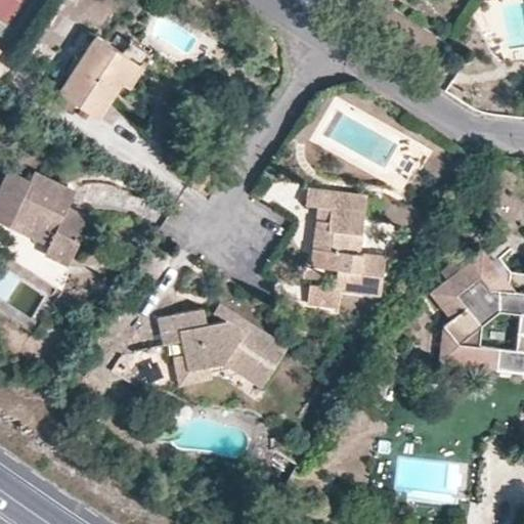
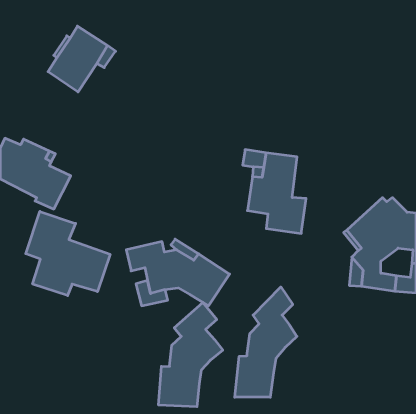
building: none -> [26,211,110,296]
building: none -> [235,287,297,397]
building: none -> [159,302,223,407]

